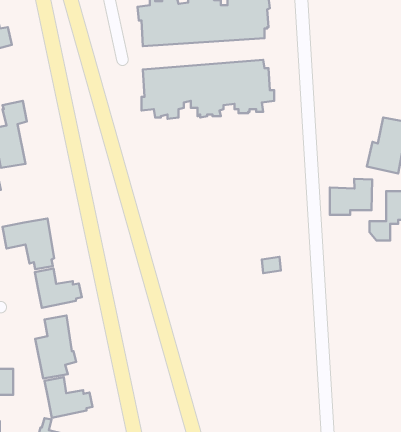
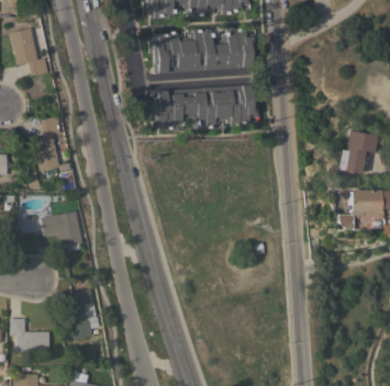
building: [330,179,372,215] -> none
building: [35,269,82,308] -> none
building: [45,377,93,418] -> none

